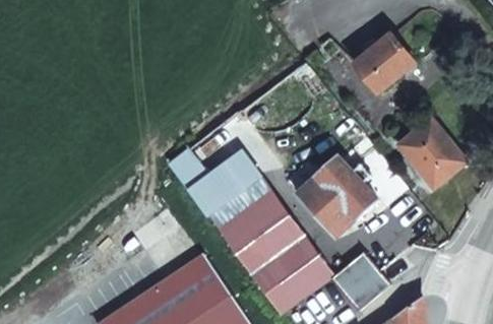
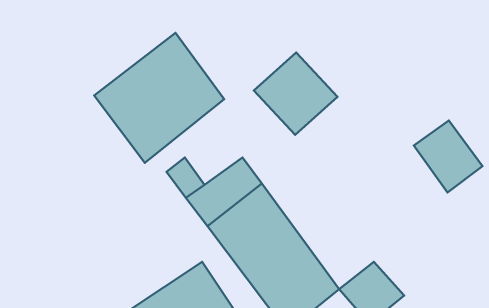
building: [352,36,410,93] -> none
building: none -> [94,33,224,163]
building: [298,159,376,237] -> [254,52,337,135]

